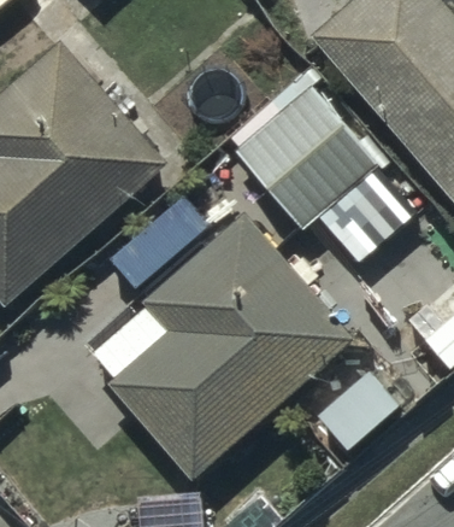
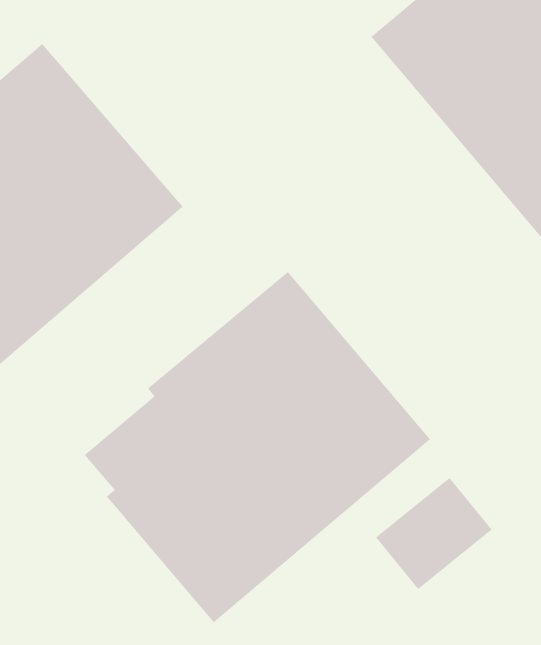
building: [234,84,419,264] -> none

